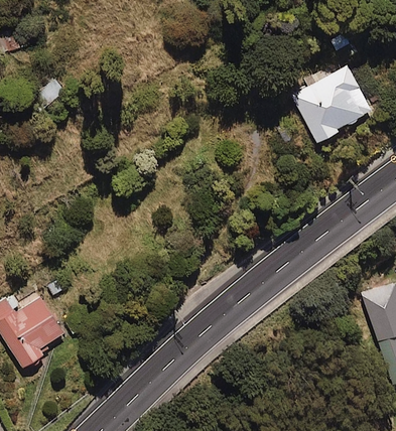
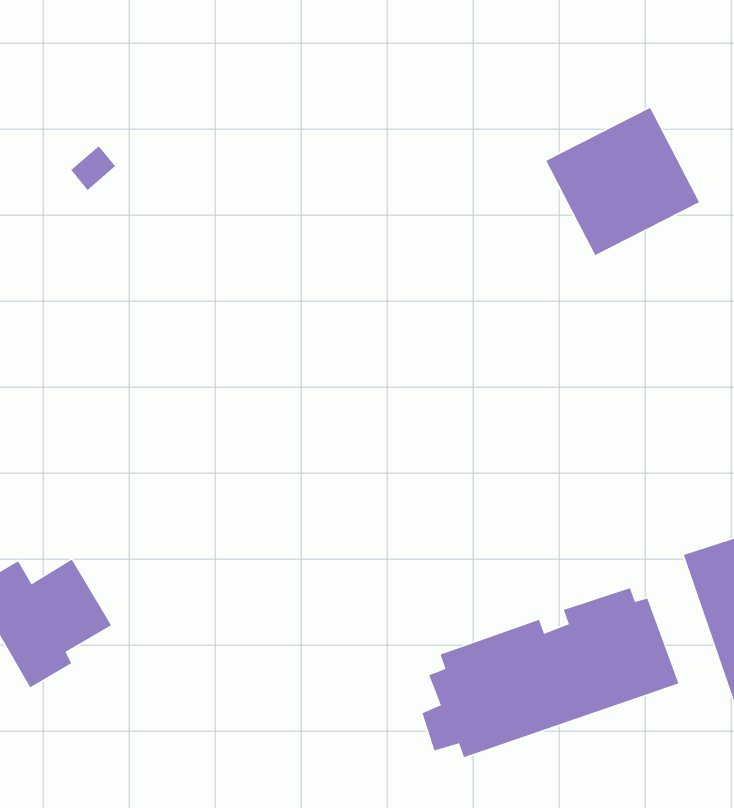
building: none -> [422,587,679,758]

